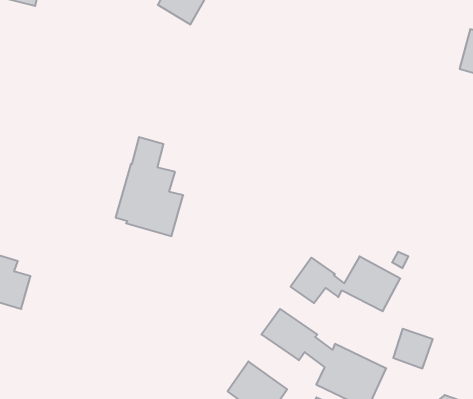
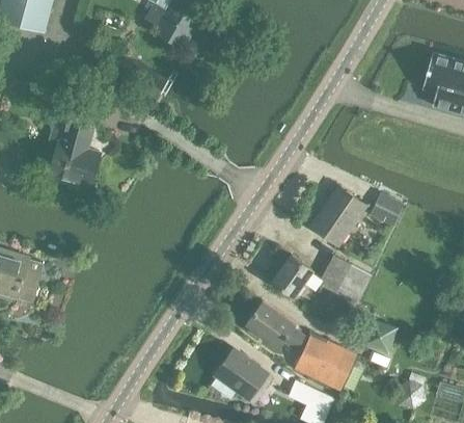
building: [116,137,183,236] -> [39,101,100,189]
building: none -> [310,187,364,245]
building: none -> [370,194,404,227]

